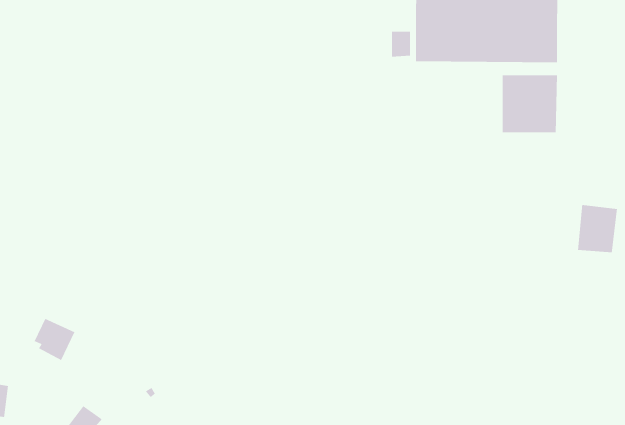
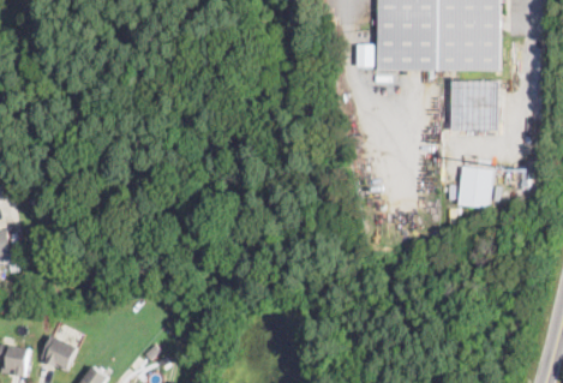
building: [577,204,618,253] -> [460,167,495,209]
building: [34,318,76,361] -> [41,334,77,371]

